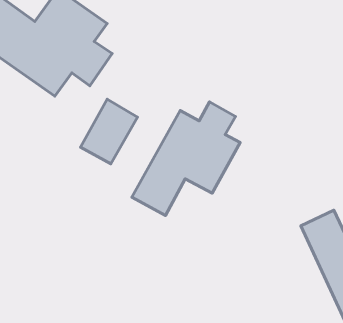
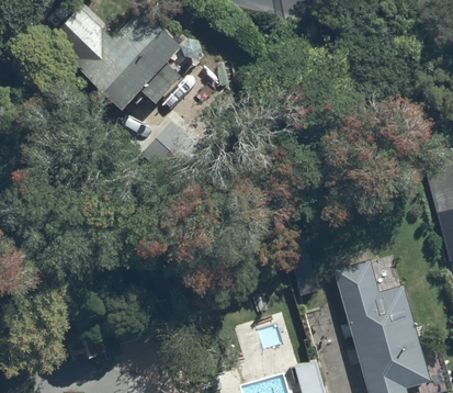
building: [132,102,240,216] -> none

